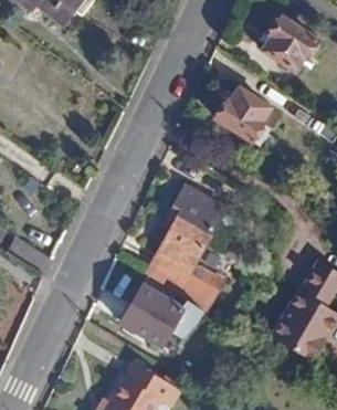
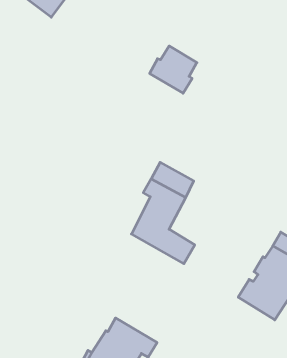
building: [260,14,313,67] -> none
building: [215,86,268,139] -> [150,46,197,93]
building: [119,276,181,346] -> none

